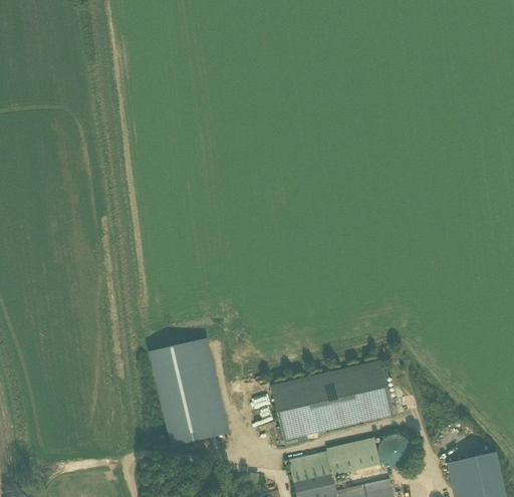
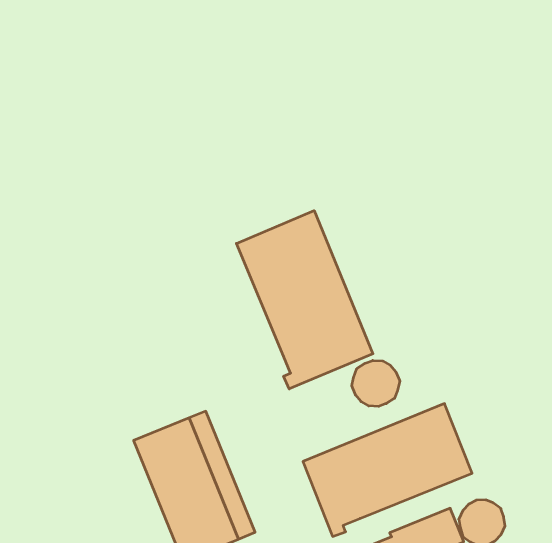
building: none -> [236,211,373,389]
building: none -> [352,360,400,406]

